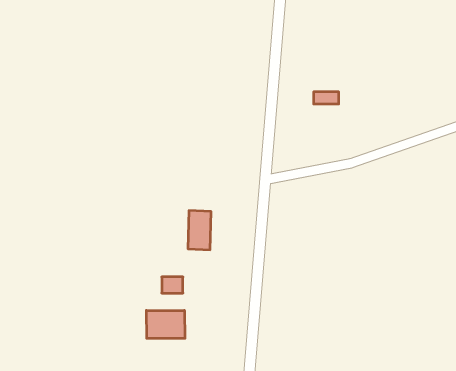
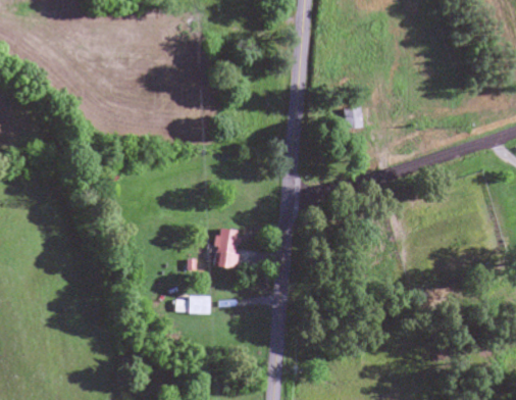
building: [146,310,185,338] -> none

